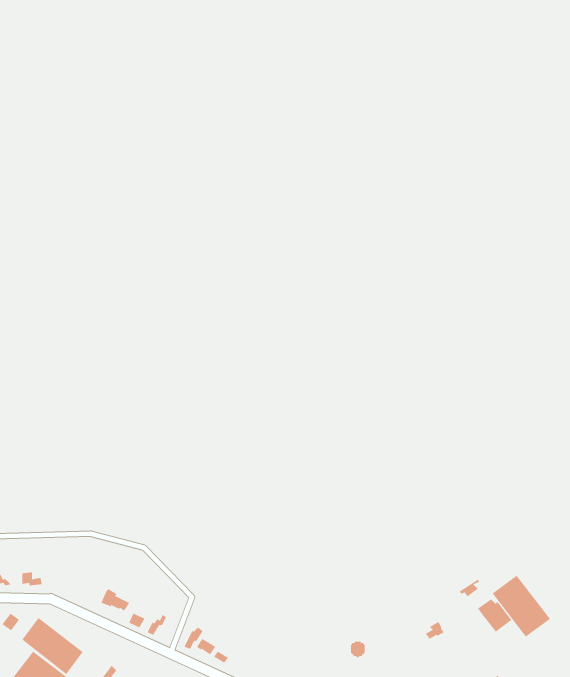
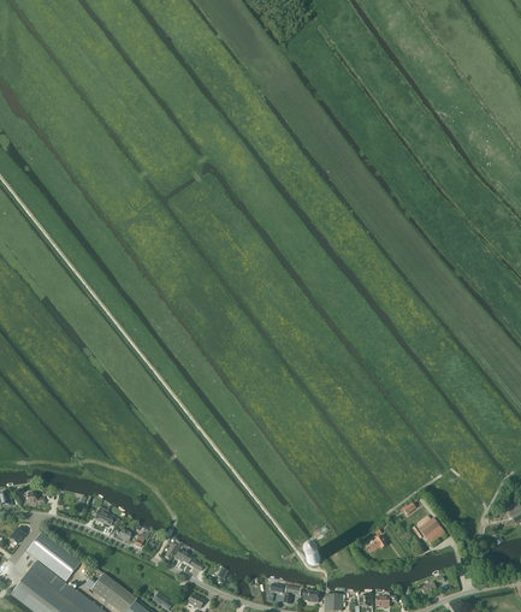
building: [492,575,551,638] -> none

